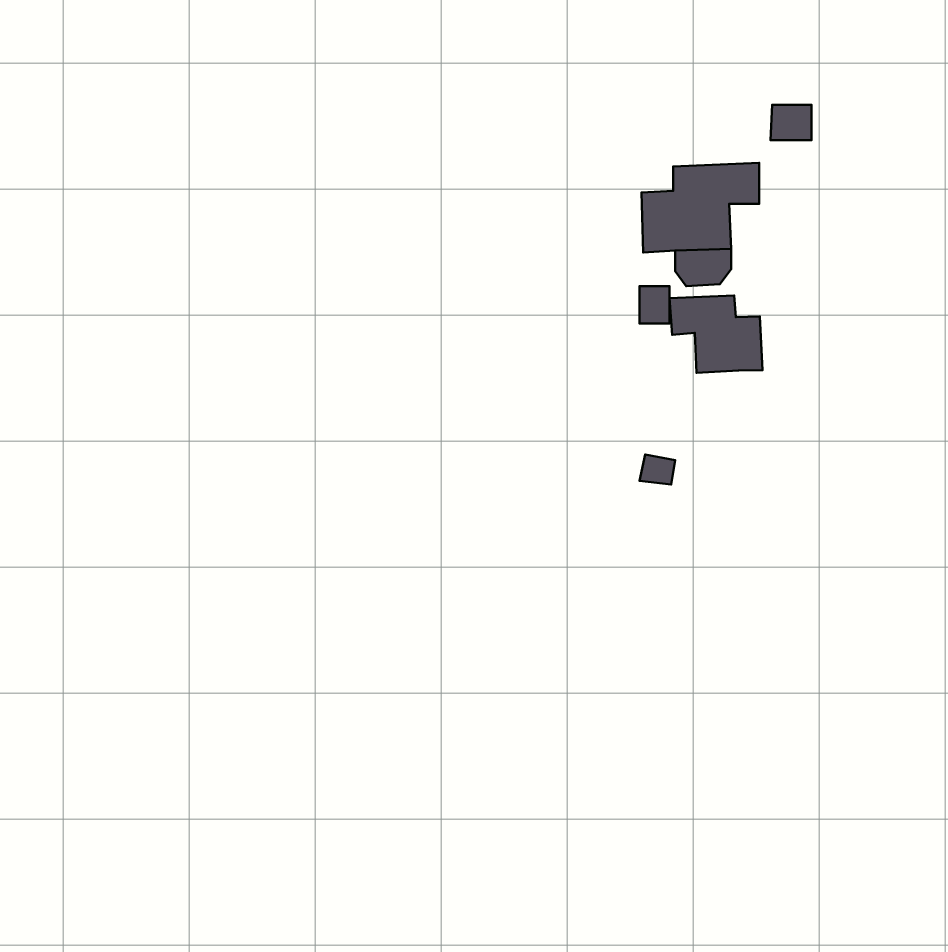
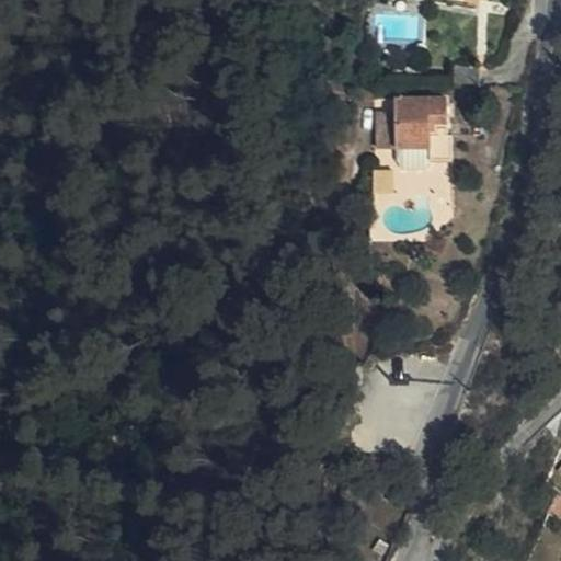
building: [669,295,763,373] -> none

